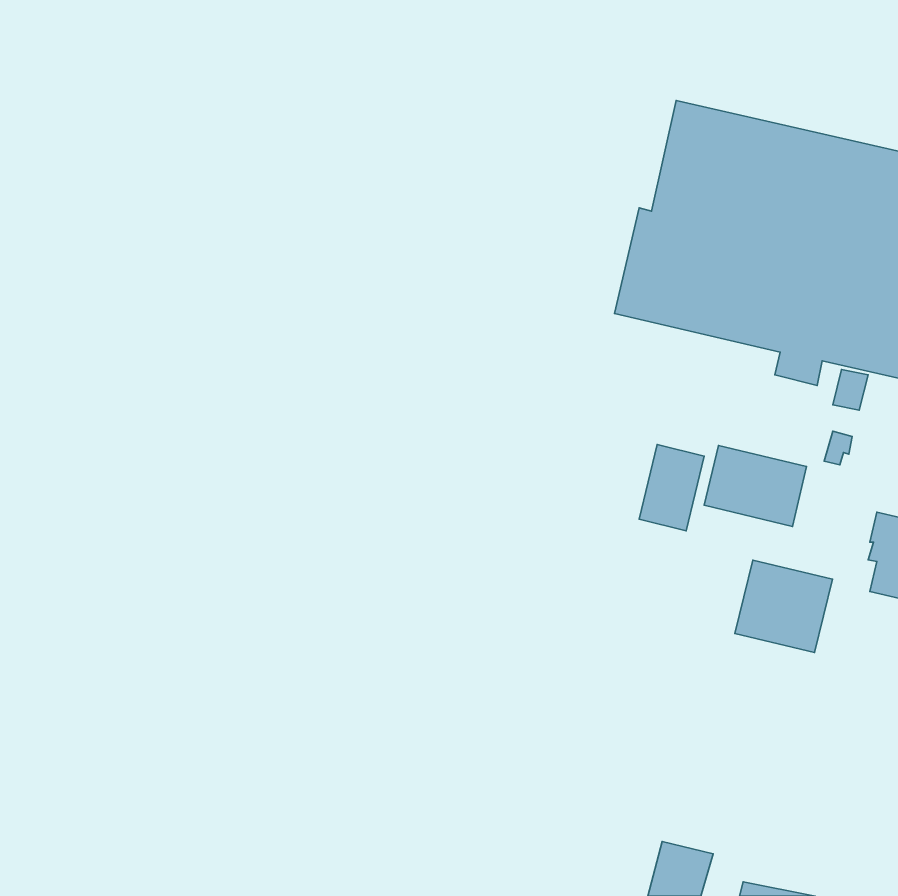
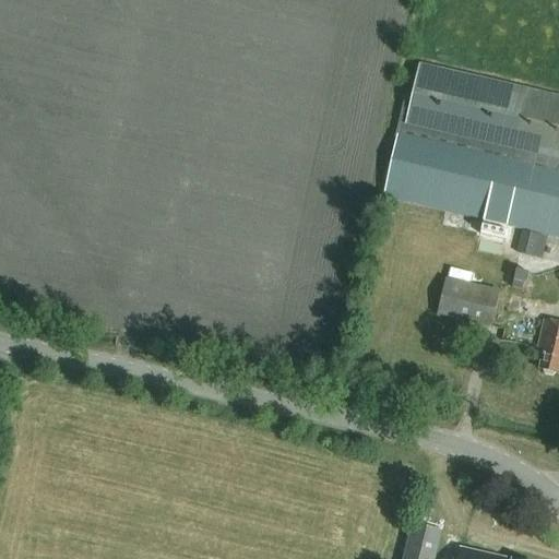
building: [639,445,704,531] -> none
building: [735,560,832,653] -> none

